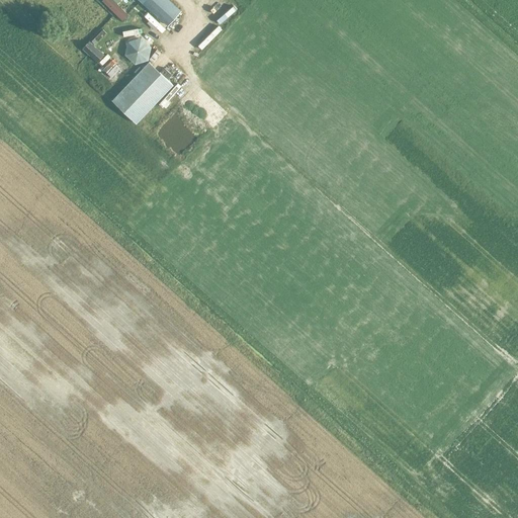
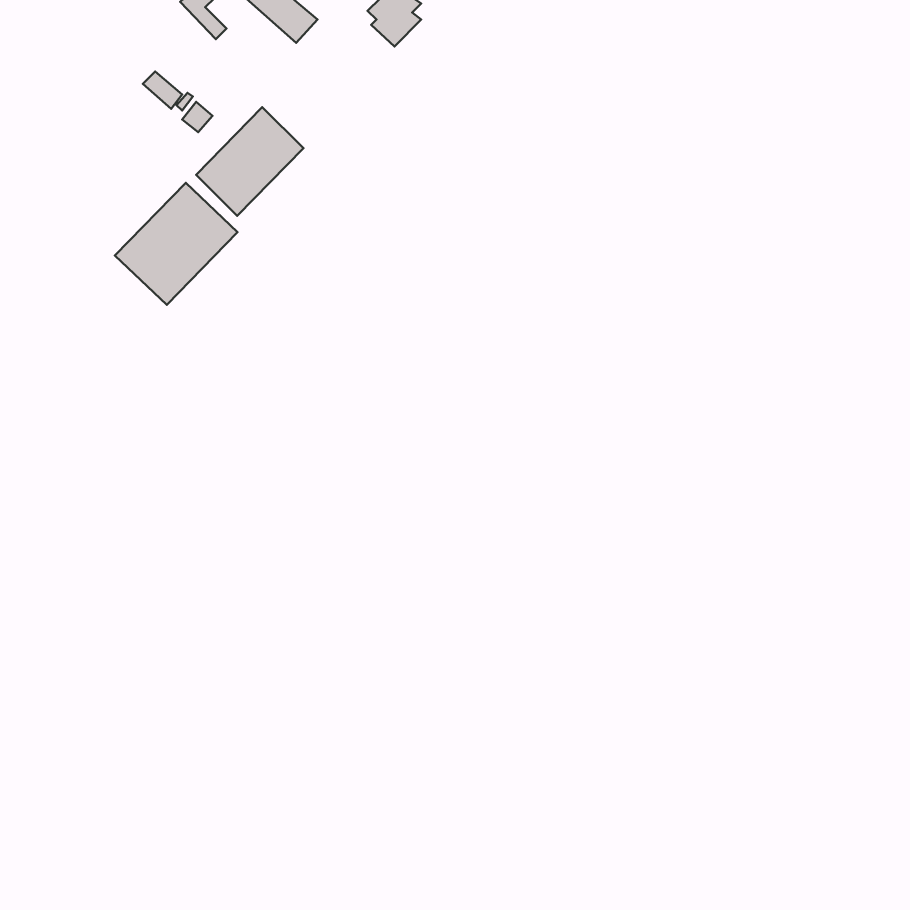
building: [123,37,150,64] -> none
building: none -> [115,183,237,305]

